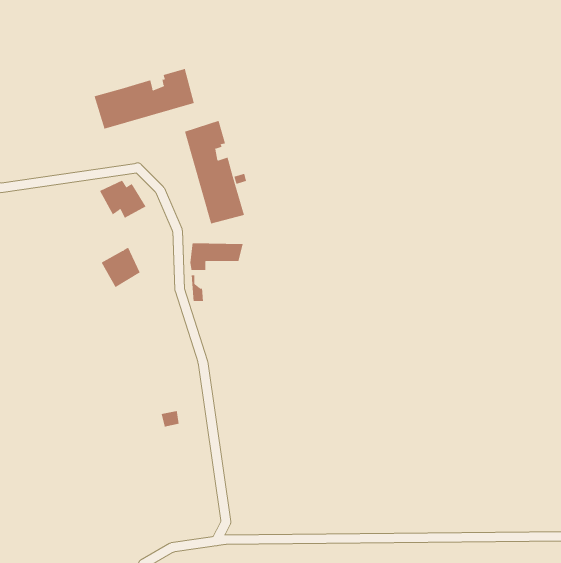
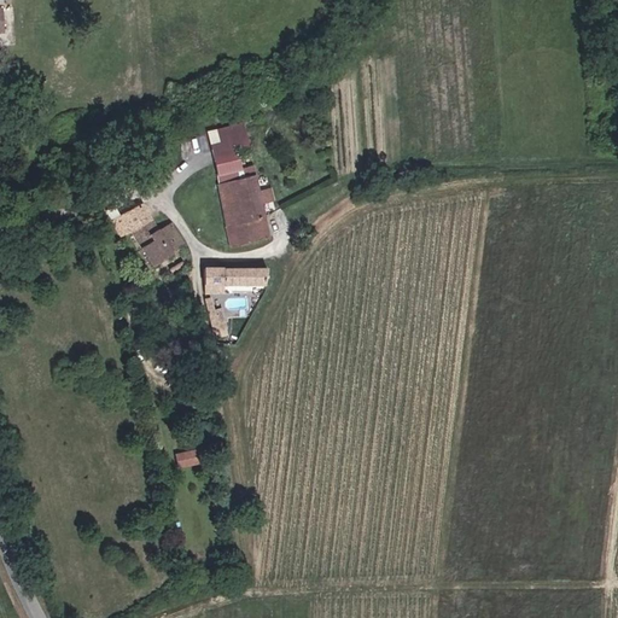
building: [94,68,194,129] -> none
building: [101,247,141,288] -> [139,223,182,268]

